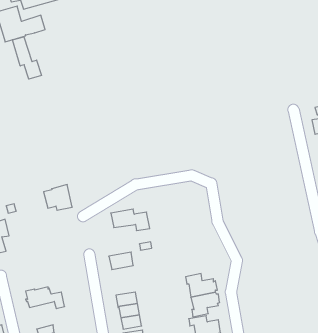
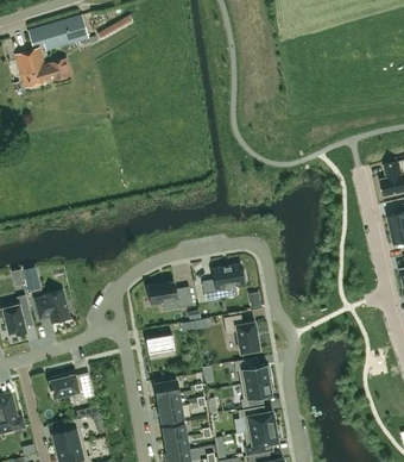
building: [12,37,41,79] -> none
building: [44,185,72,210] -> [36,292,69,321]
building: none -> [203,264,246,300]
building: none -> [223,316,259,354]

